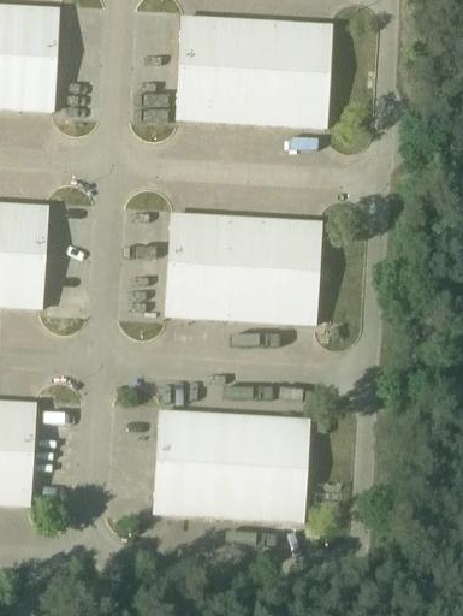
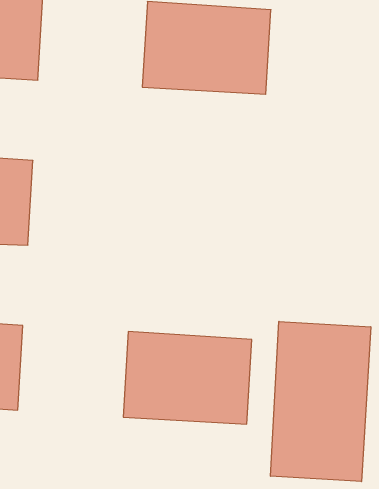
building: [165,213,320,324] -> none
building: none -> [271,321,371,482]

